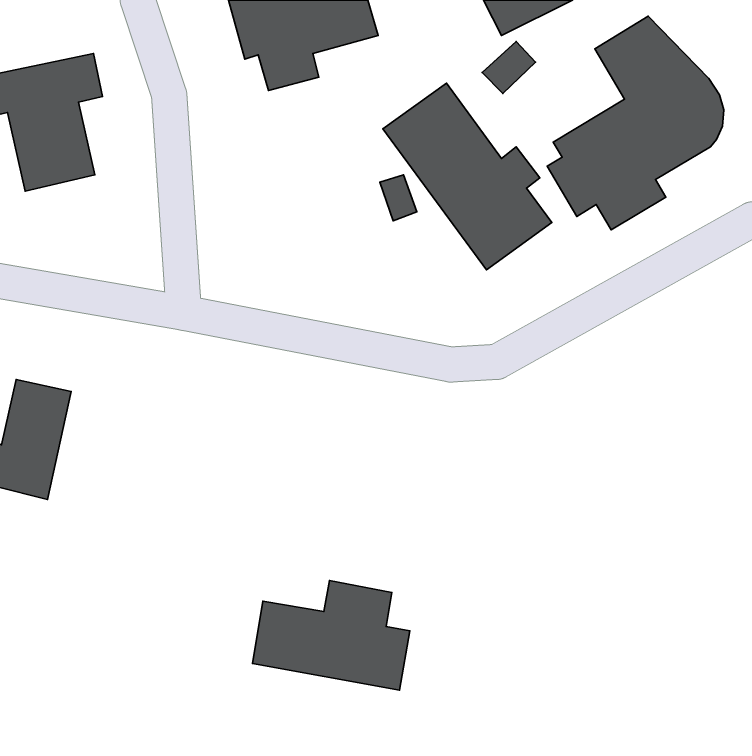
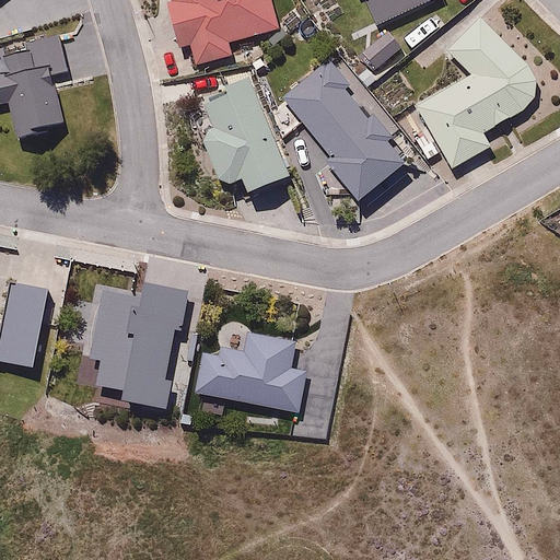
building: none -> [199,77,291,194]
building: none -> [85,279,180,405]
building: [253,581,410,690] -> [192,331,308,412]

